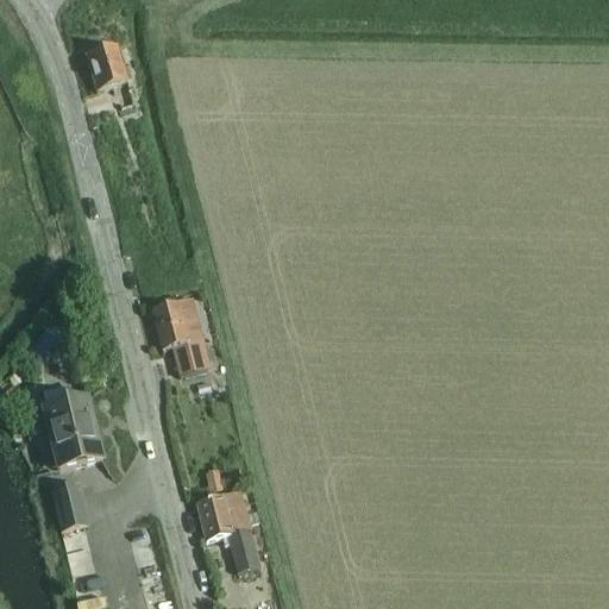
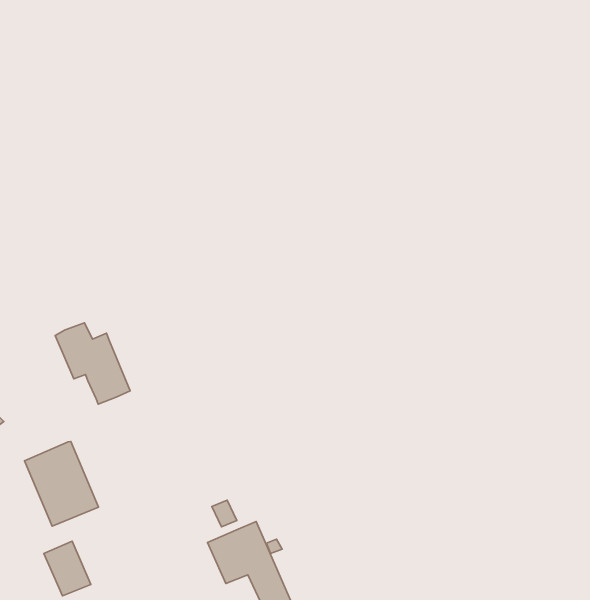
building: [84,40,131,87] -> none
building: [150,299,208,371] -> [55,323,130,404]

